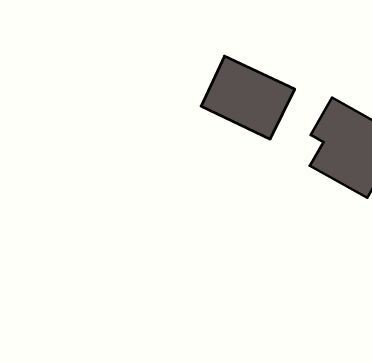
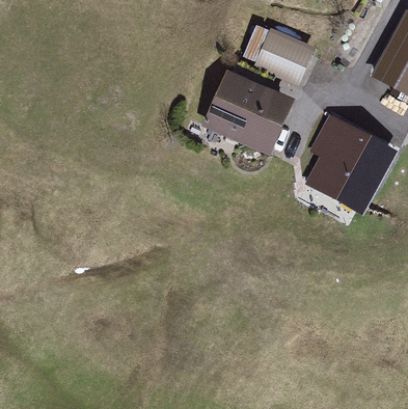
building: none -> [253,26,316,83]

